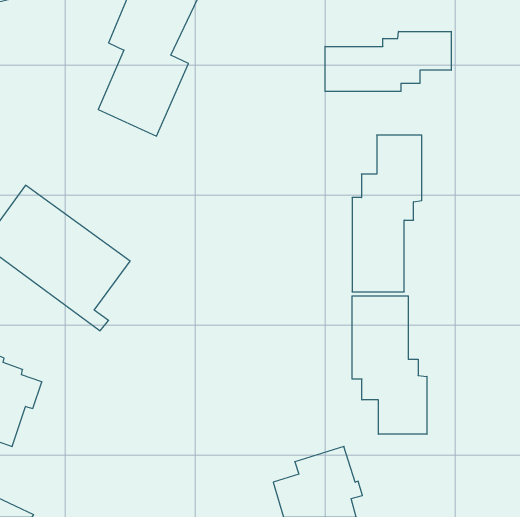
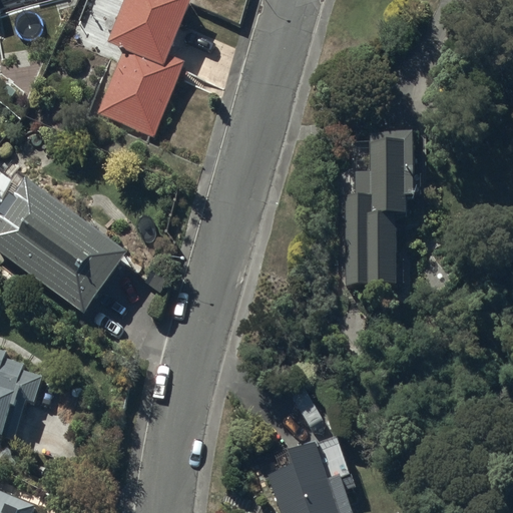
building: [325,31,451,91] -> none
building: [352,296,427,434] -> none

